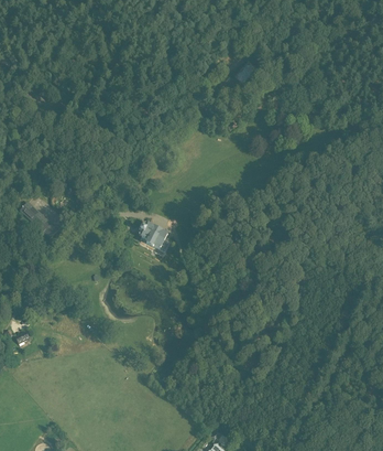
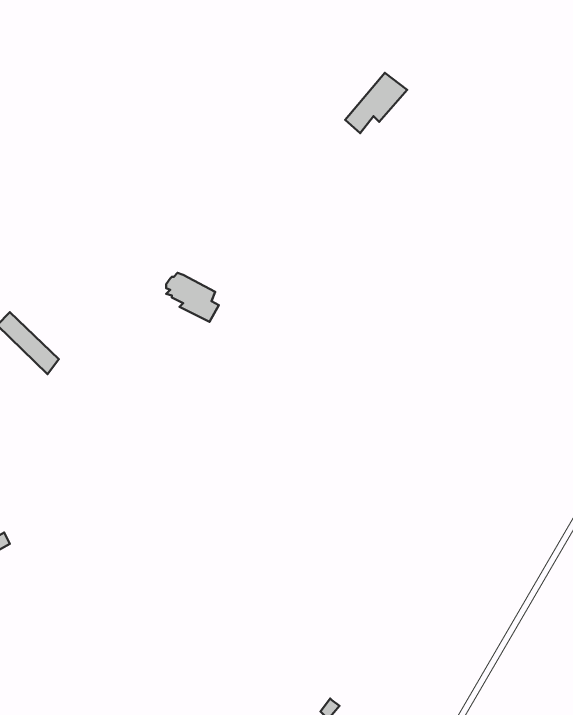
building: [138,223,168,251] -> [166,273,219,322]

